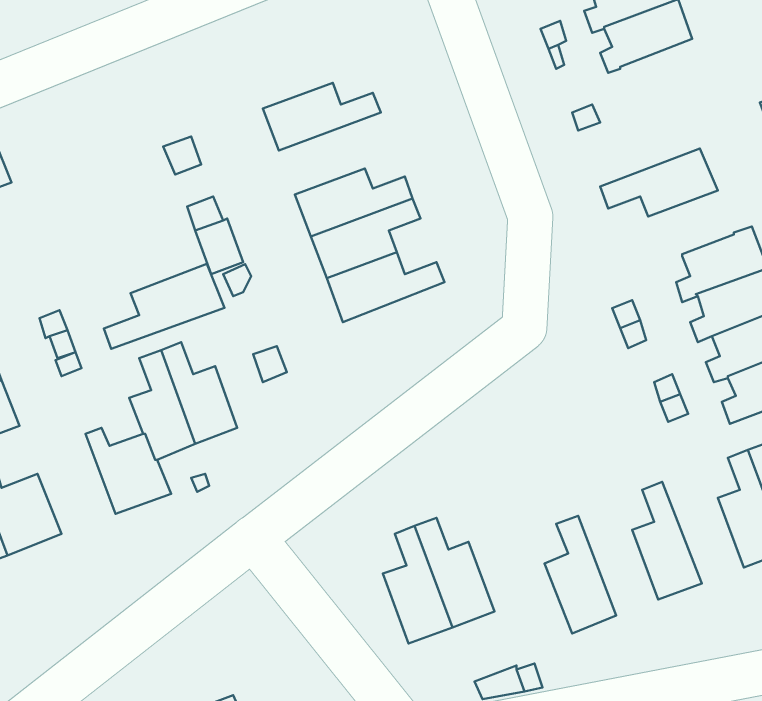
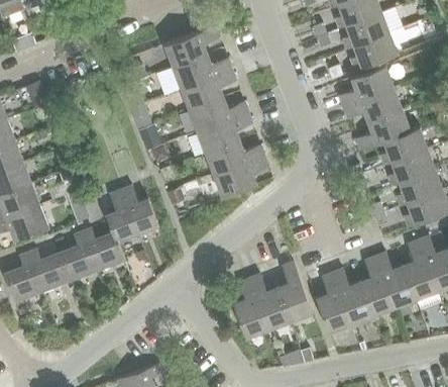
building: none -> [163,25,219,67]
building: none -> [350,31,397,70]
building: none -> [338,64,393,106]
building: none -> [180,69,235,110]
building: none -> [354,108,410,151]
building: [104,264,224,349] -> none
building: none -> [212,155,267,197]
building: none -> [58,231,97,282]
building: none -> [373,252,415,307]
building: none -> [275,262,312,321]
building: none -> [331,268,371,323]

